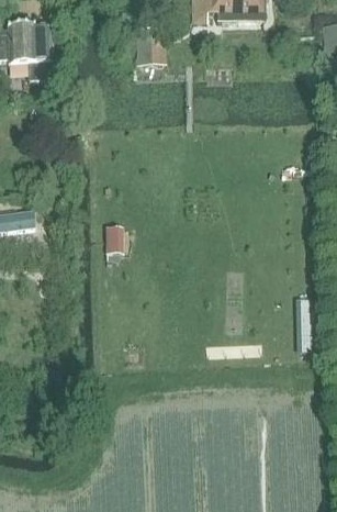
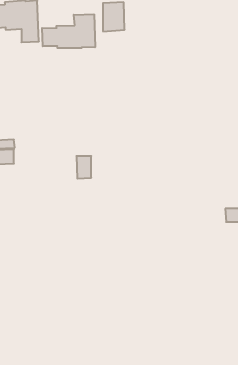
building: none -> [42,14,95,48]

